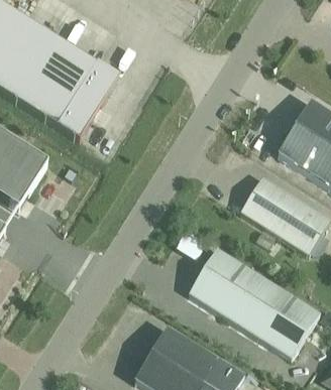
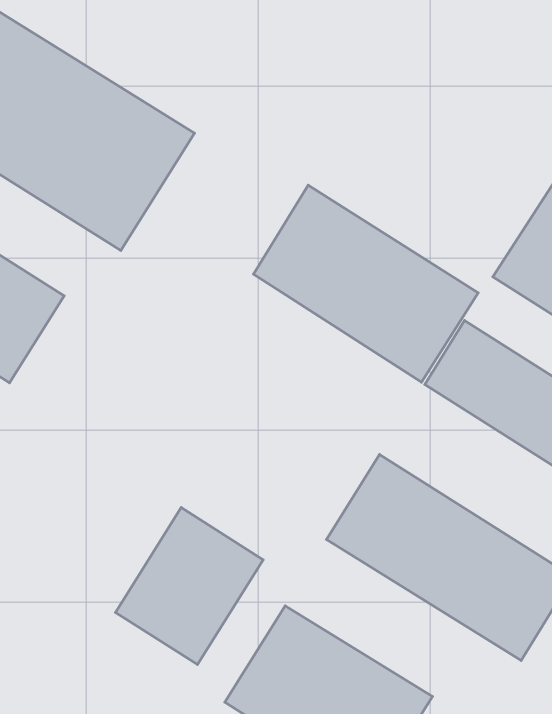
building: none -> [253,185,478,382]
building: none -> [115,508,263,665]

